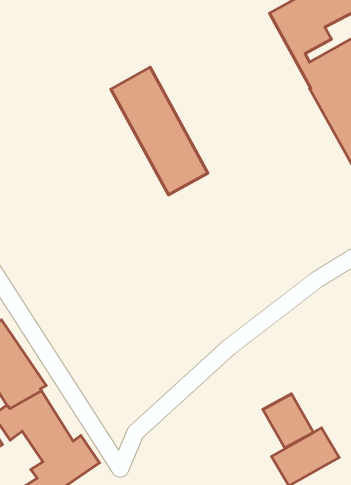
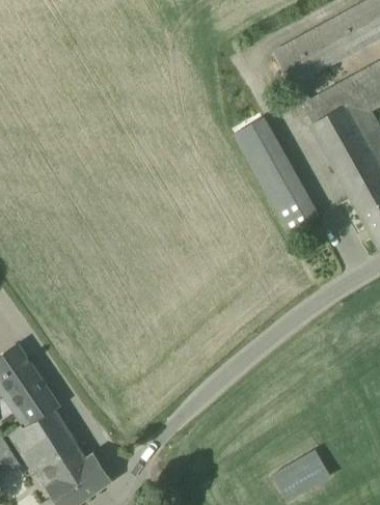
building: [111,67,208,195] -> [234,114,326,235]
building: [263,394,313,448] -> none

